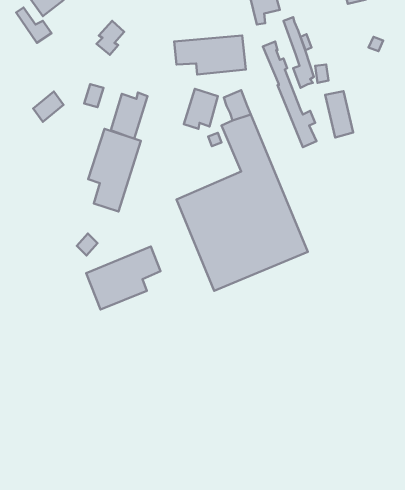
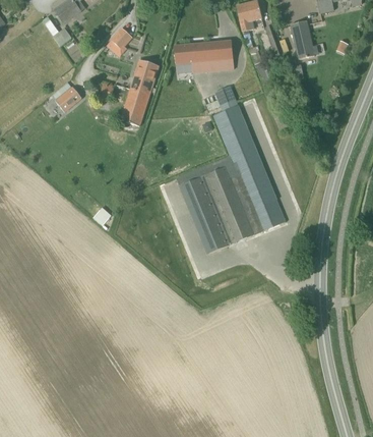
building: [184,89,218,129] -> [130,59,159,93]
building: [325,91,353,137] -> [291,20,314,59]
building: [88,129,141,212] -> none
building: [86,246,161,310] -> none

